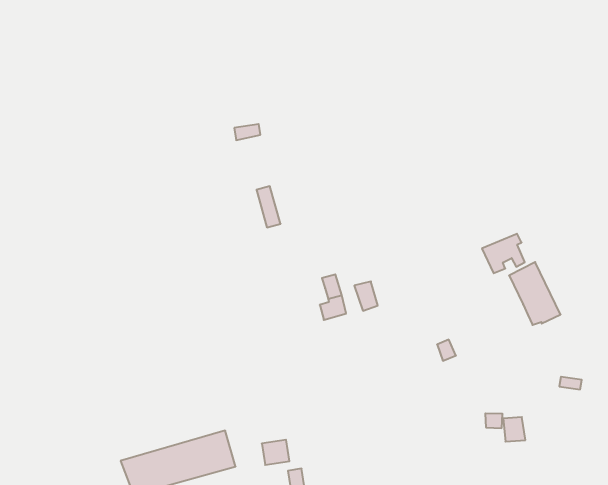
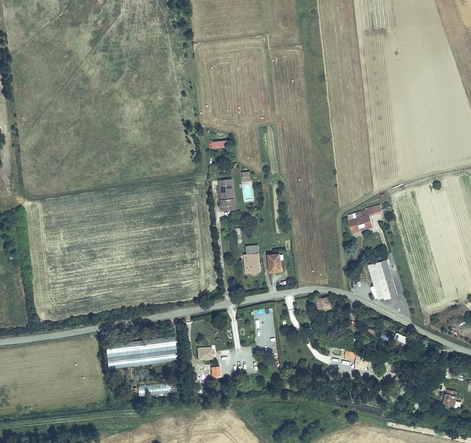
building: [482,234,525,273] -> [347,206,373,229]

